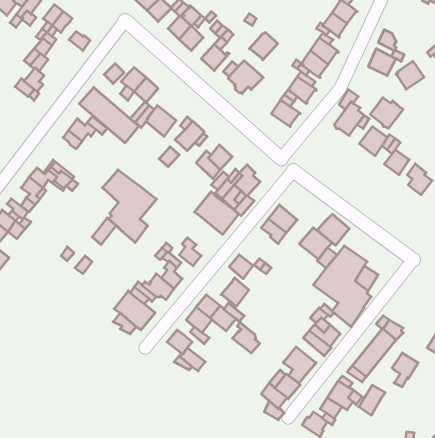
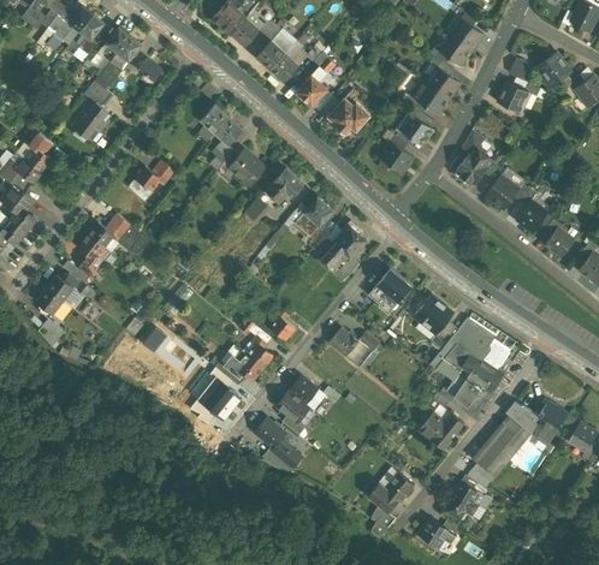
building: [249,32,278,60] -> none
building: [396,61,424,89] -> [536,53,570,87]
building: [79,87,139,143] -> none
building: [370,98,403,128] -> none
building: [102,170,157,243] -> none
building: [194,192,238,234] -> none
building: [317,214,349,245] -> none
building: [221,278,249,306] -> none
building: [232,323,260,353] -> none
building: [283,347,316,383] -> none
building: [392,353,418,387] -> [536,402,568,442]
building: [359,385,385,415] -> none

